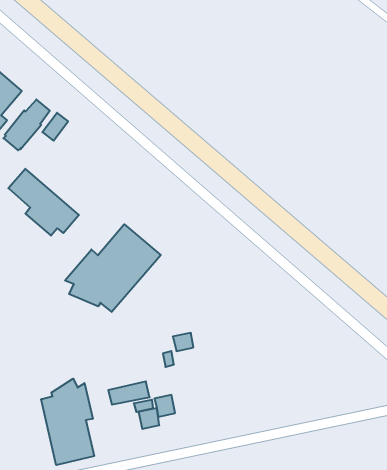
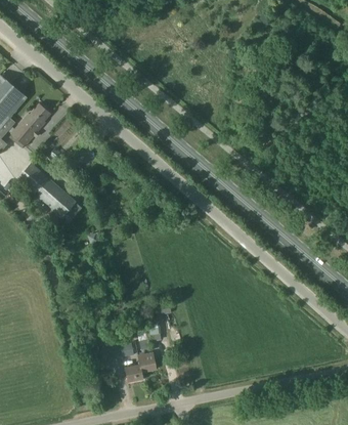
building: [65,224,161,312] -> none
building: [41,379,94,465] -> none

